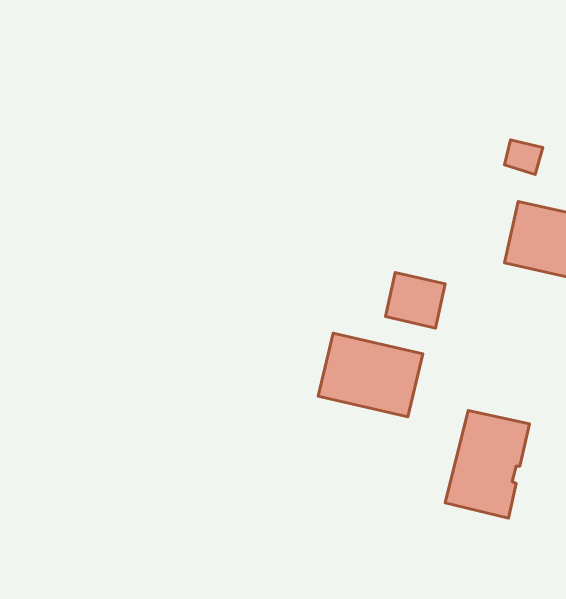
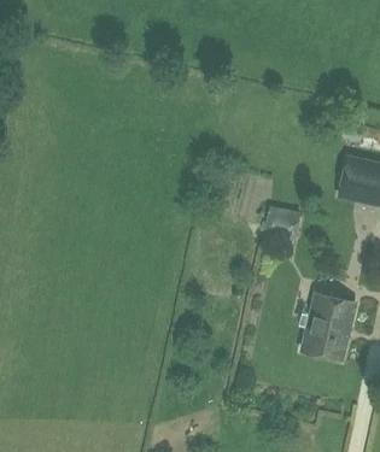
building: [318,333,423,417] -> none

